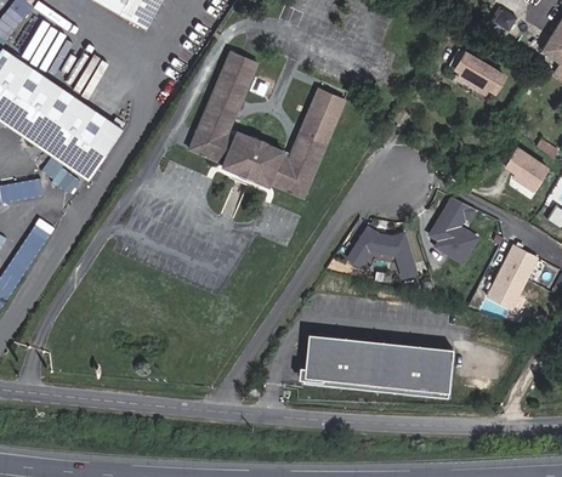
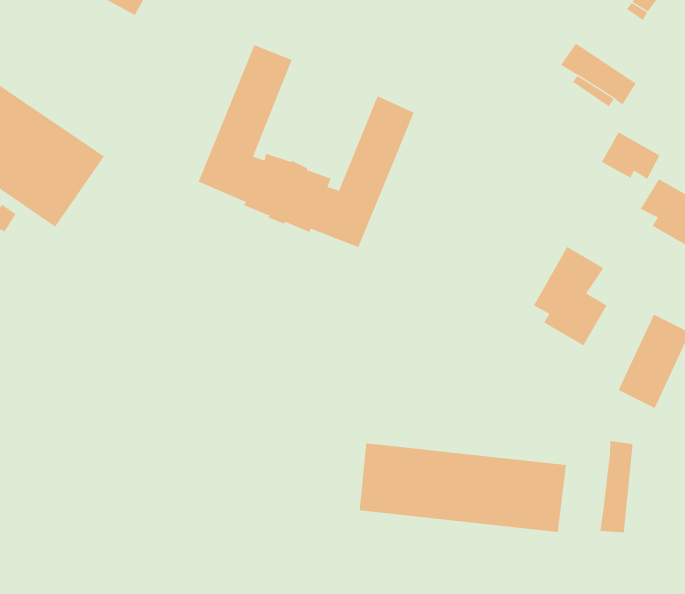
building: none -> [601,132,660,180]
building: [350,226,420,279] -> none
building: none -> [600,440,633,533]

